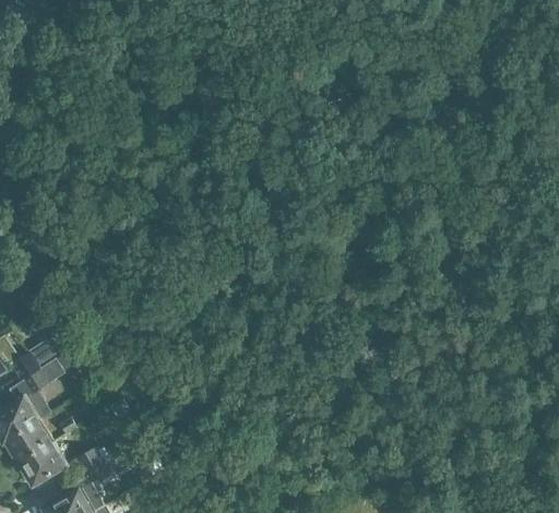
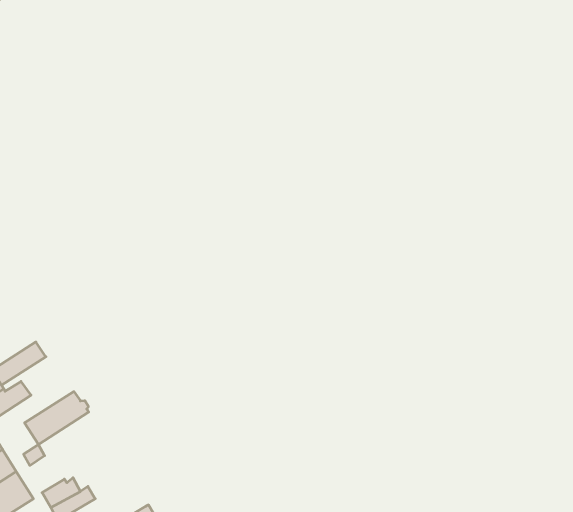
building: none -> [25,392,89,444]

